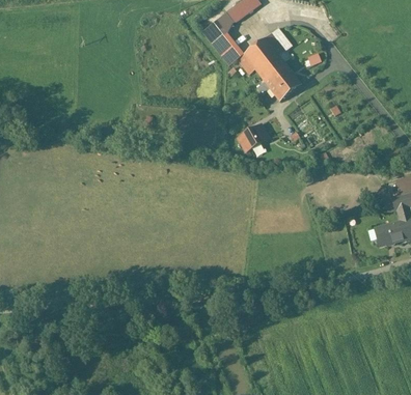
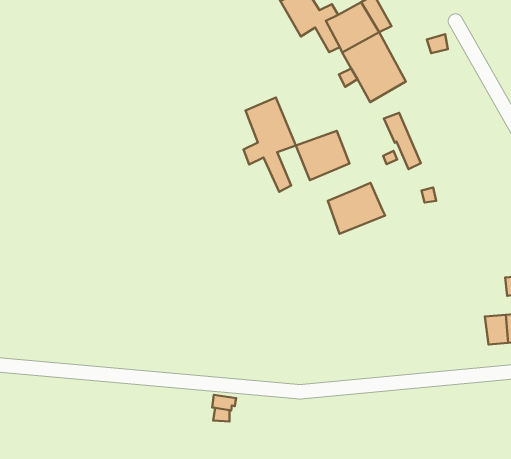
building: none -> [243,98,296,192]
building: none -> [328,183,385,234]

